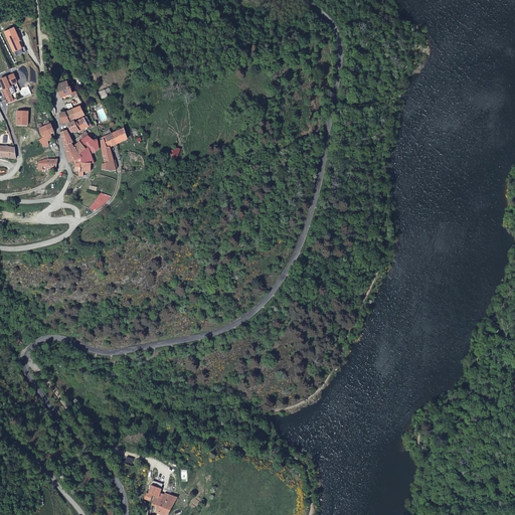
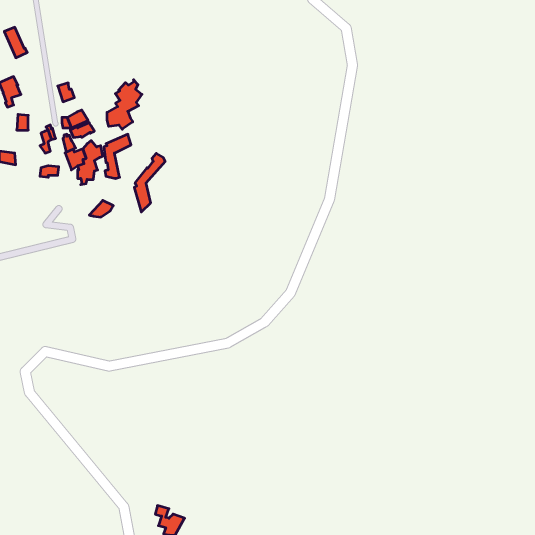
building: none -> [107,80,142,129]
building: none -> [134,153,165,212]

